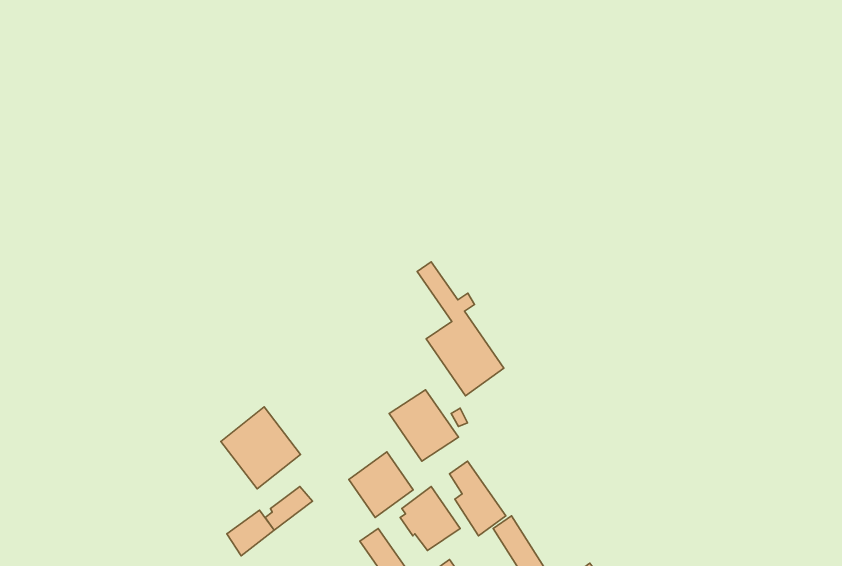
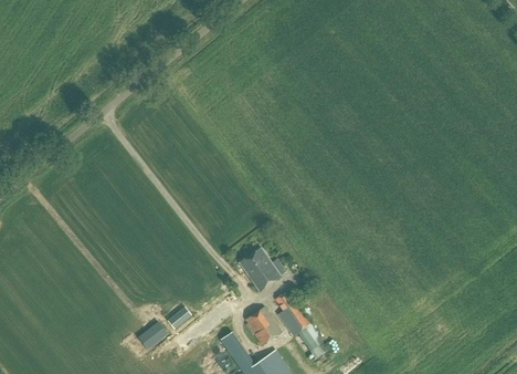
building: [417,262,504,396] -> none
building: [221,407,300,489] -> none
building: [349,452,413,517] -> none

